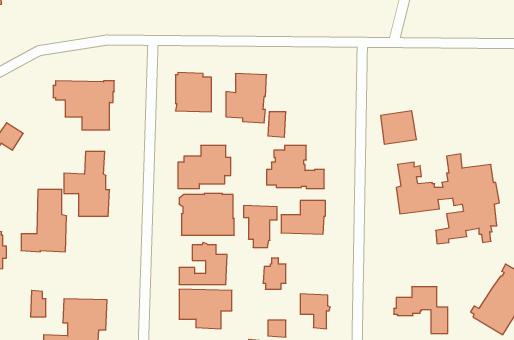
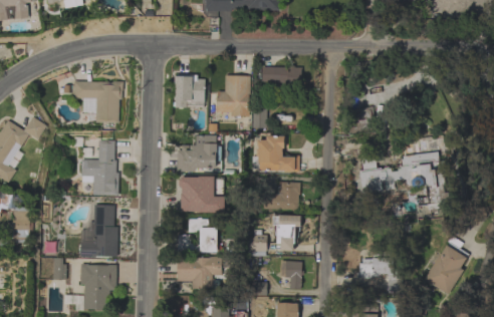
building: none -> [261,65,301,88]
building: [21,190,67,252] -> [79,205,117,257]
building: [244,206,277,247] -> [272,215,300,250]

